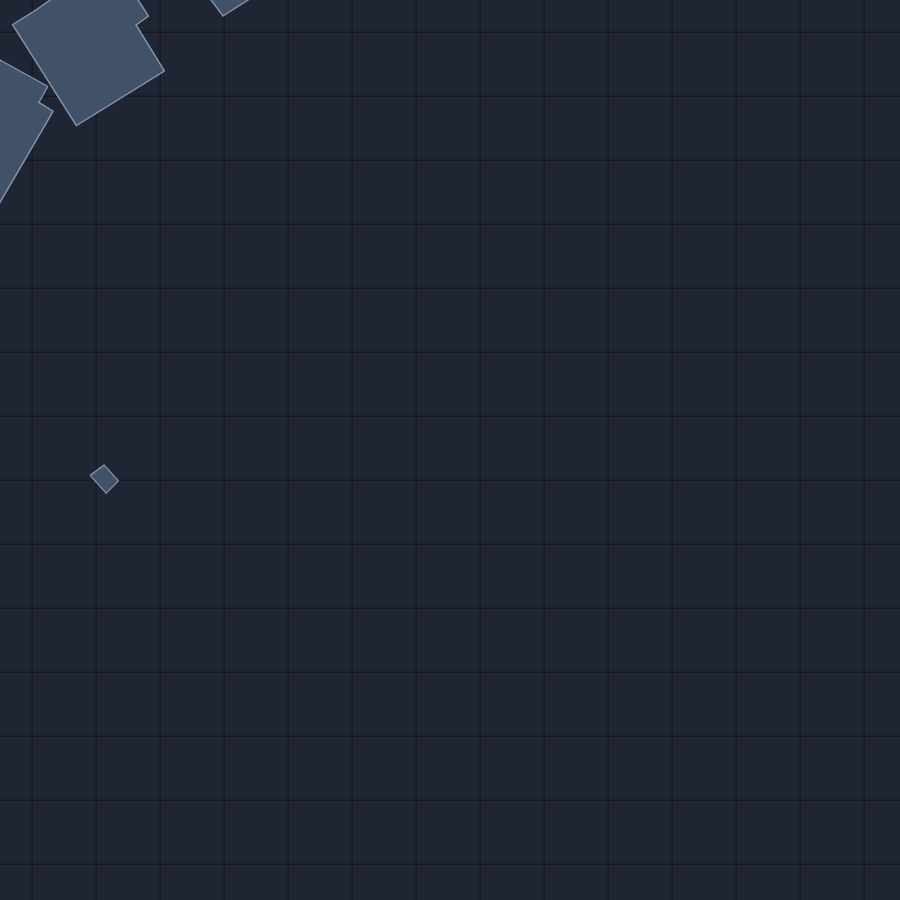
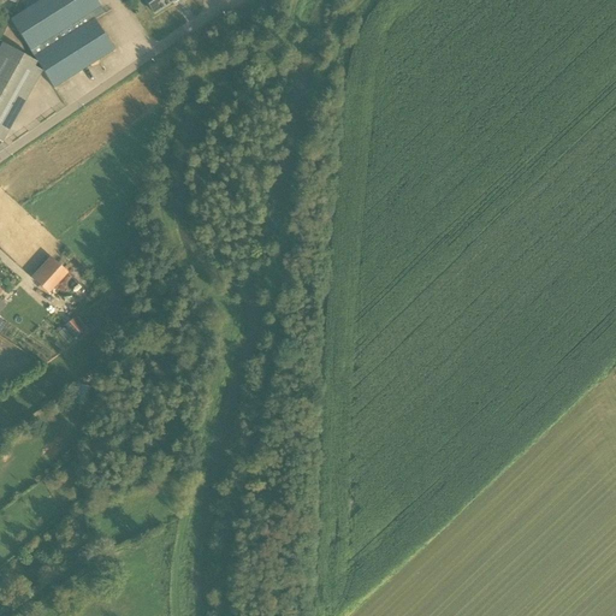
building: none -> [29,254,66,291]

